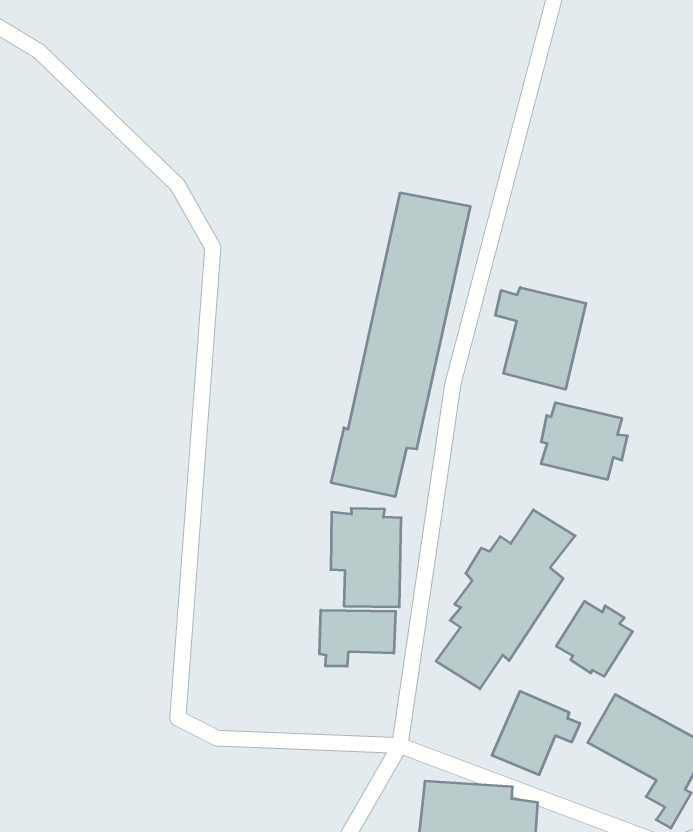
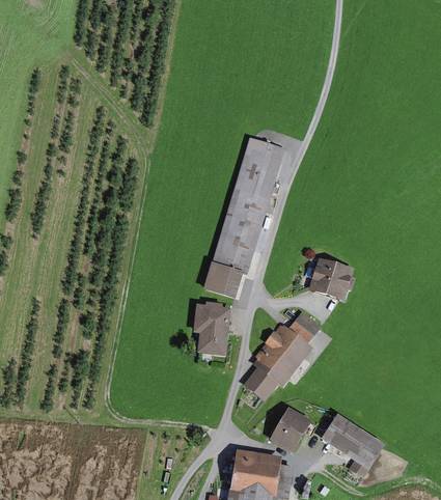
building: [495,287,586,389] -> none
building: [556,601,633,676] -> none
building: [320,610,396,666] -> none

